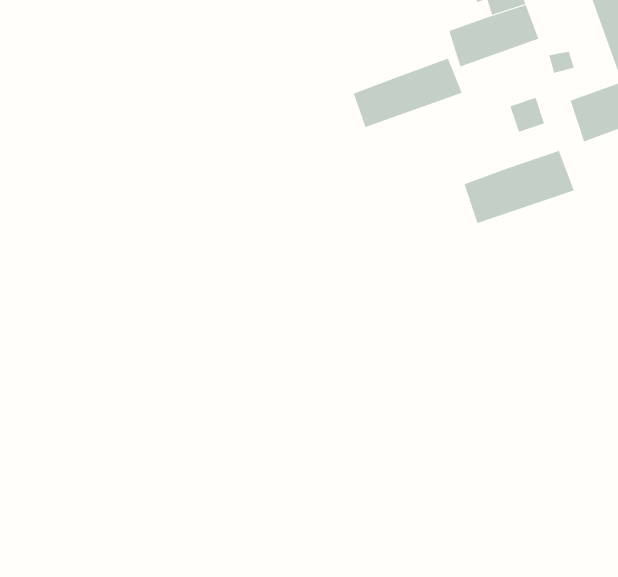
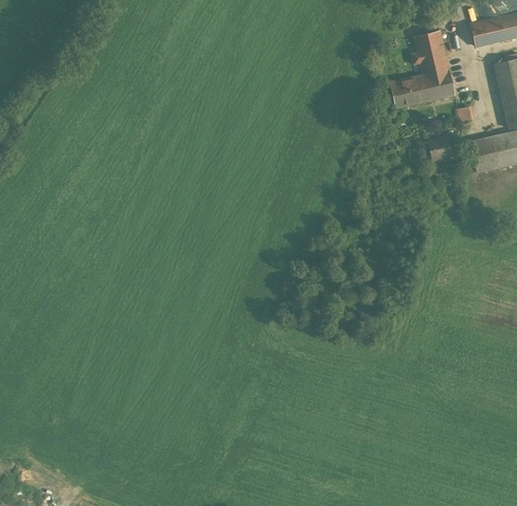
building: [353,58,463,128] -> none
building: [464,150,575,224] -> none

